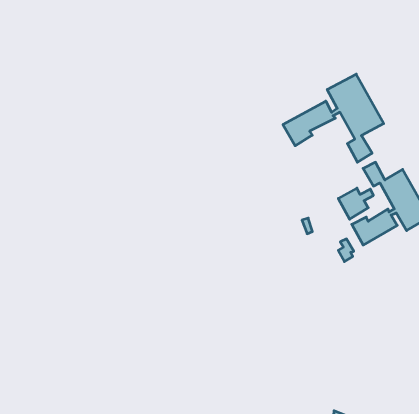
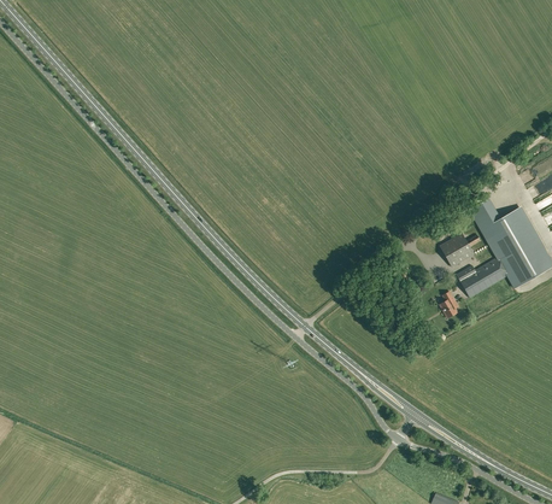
building: [283,74,384,162] -> none

